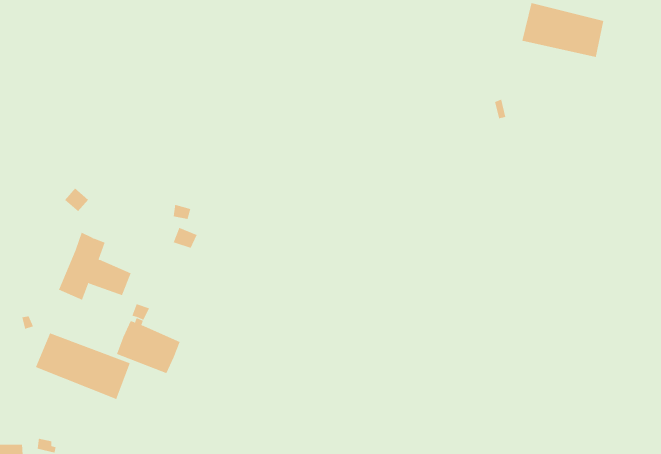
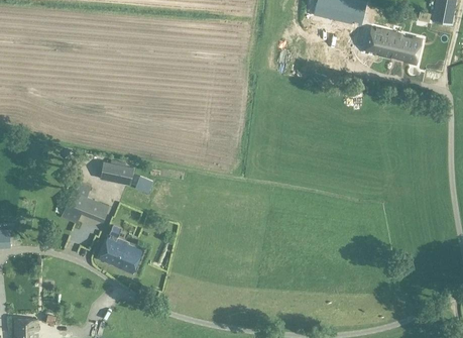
building: none -> [100,161,133,184]
building: [35,332,131,400] -> none

